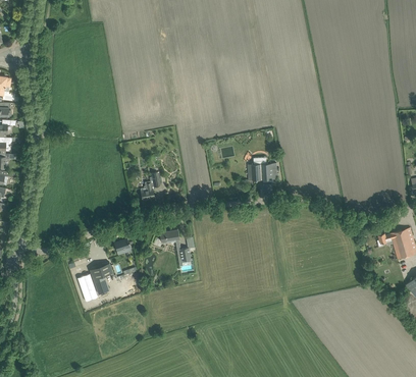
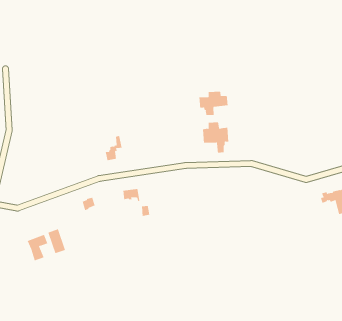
building: none -> [199,91,228,116]
building: [90,263,113,292] -> [27,234,48,261]

